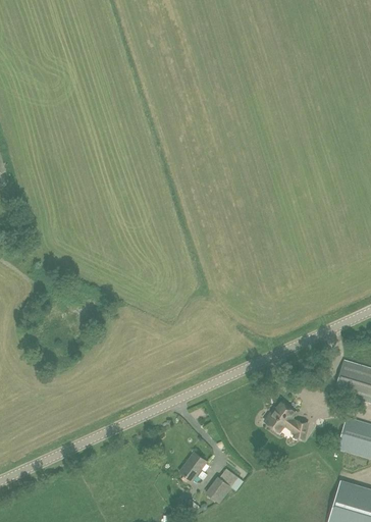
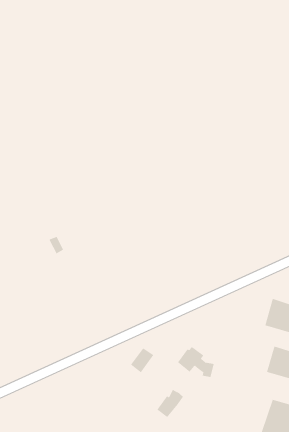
building: [264,401,309,438] -> [177,346,214,378]
building: [179,451,208,481] -> [130,348,154,373]

